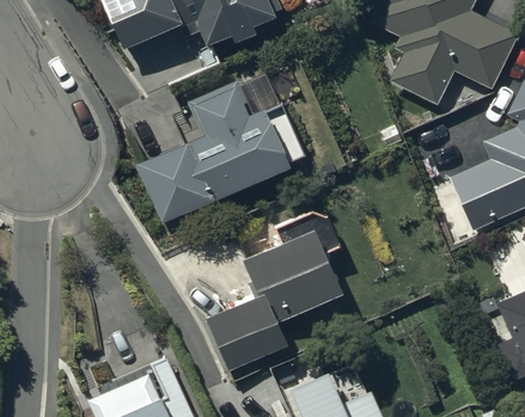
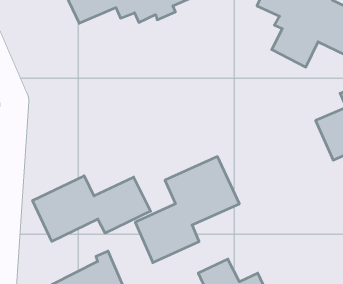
building: [136,72,306,237] -> none
building: none -> [33,176,151,241]

